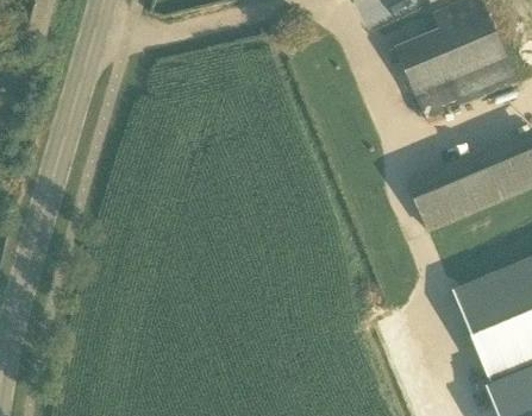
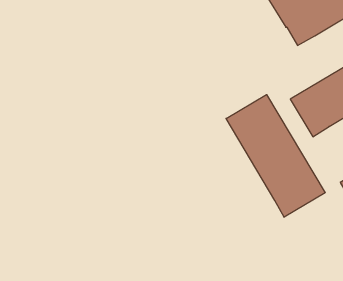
building: none -> [226,95,325,217]

